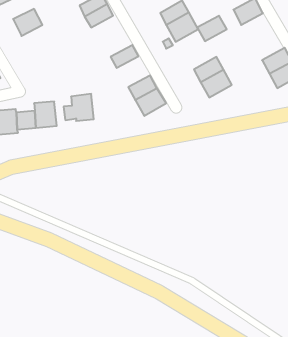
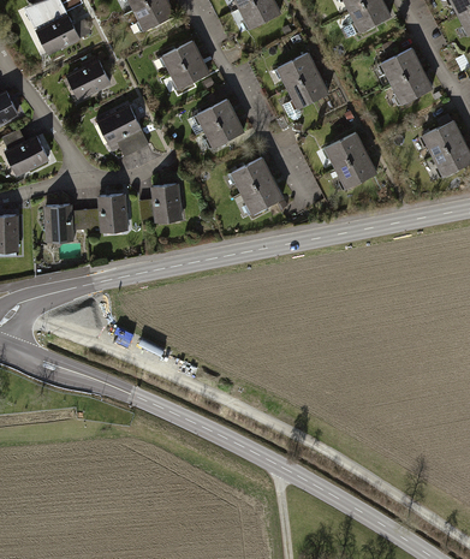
building: [197,16,227,41] -> [392,69,434,105]
building: none -> [197,99,237,131]
building: none -> [97,106,148,160]

